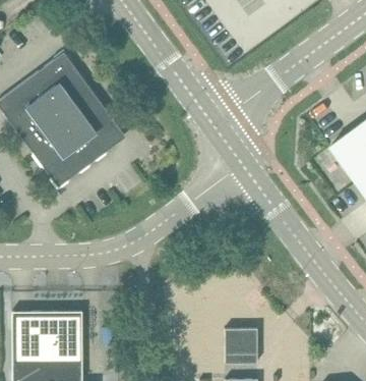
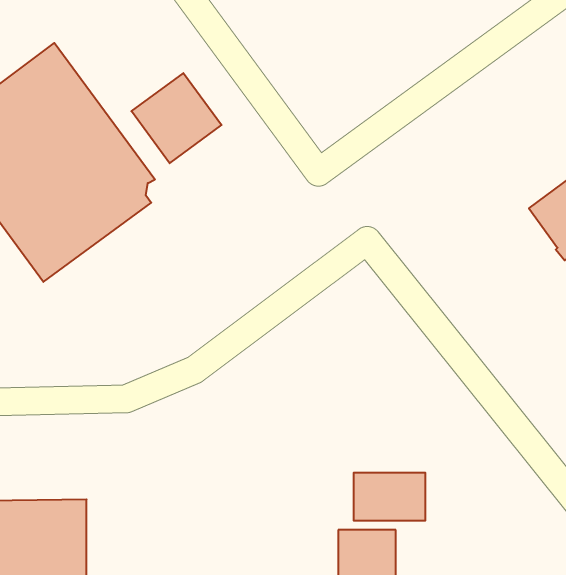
building: none -> [131,73,222,163]
building: none -> [354,473,425,521]

